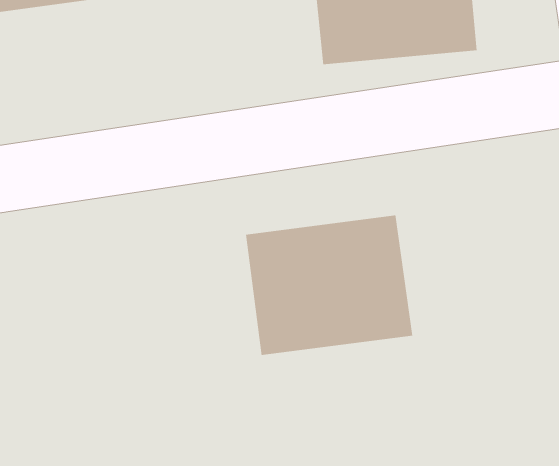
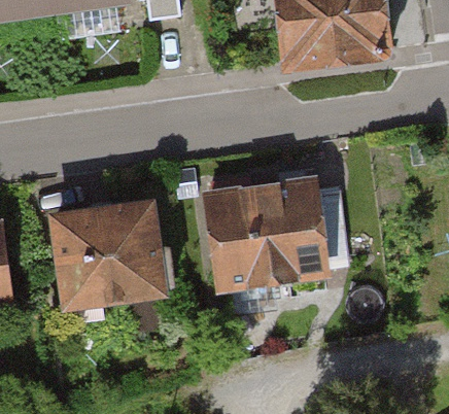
building: none -> [47,202,171,312]

